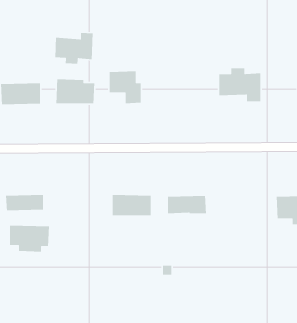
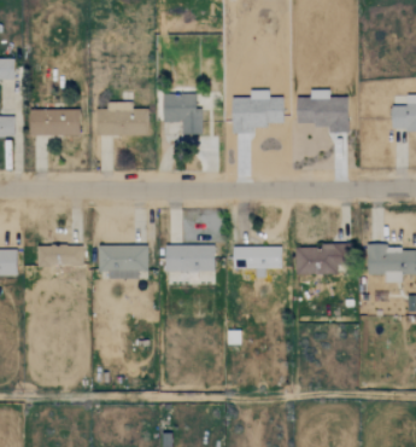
building: [54,32,94,64] -> none
building: none -> [232,91,285,134]
building: none -> [294,245,351,275]
building: [9,225,50,253] -> [99,245,148,279]

